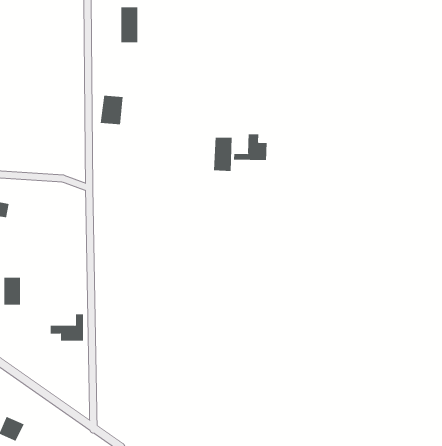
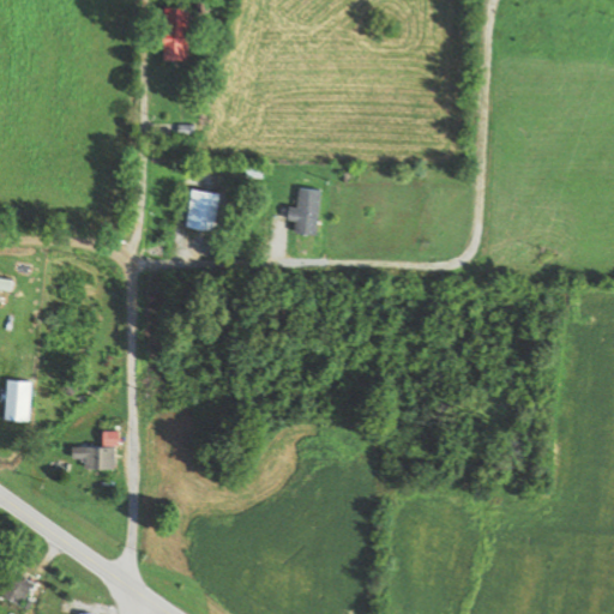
building: [100,95,123,125] -> [187,189,219,230]
building: [234,133,267,161] -> none

